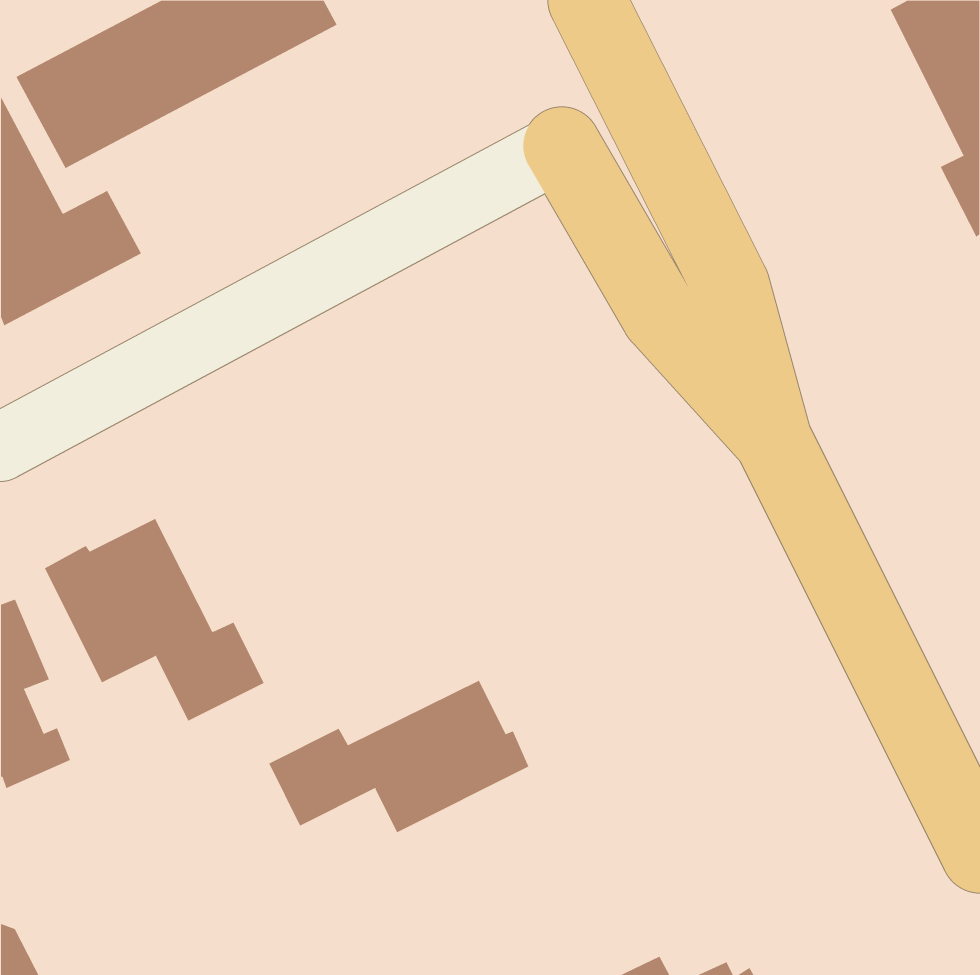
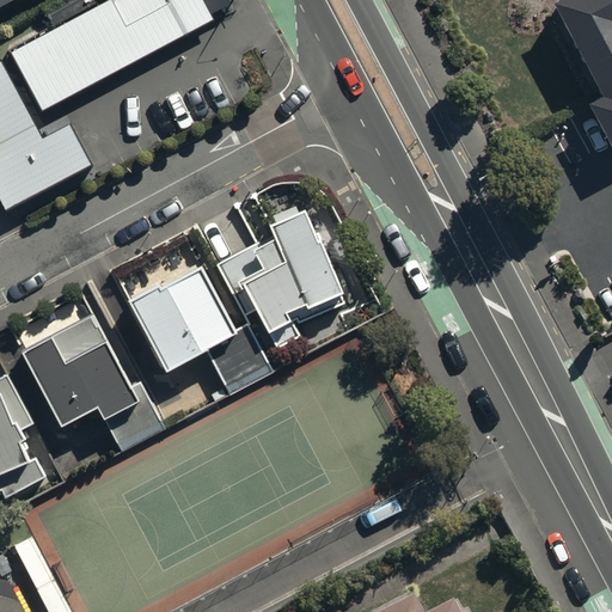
building: none -> [219,203,344,347]
building: none -> [130,268,270,391]
building: [268,680,529,833] -> none

